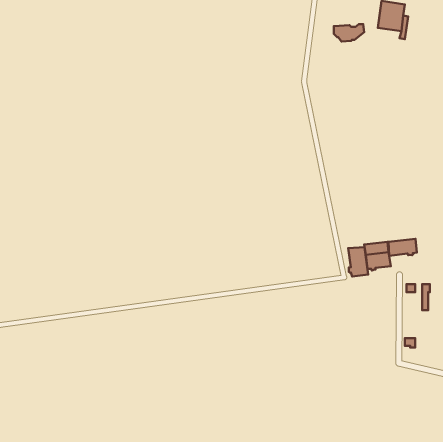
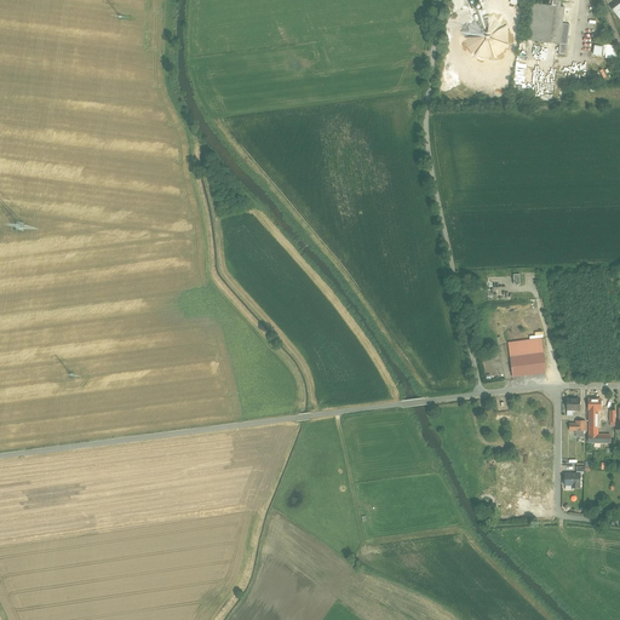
building: [389,239,417,256] -> none
building: [348,247,368,277] -> none

